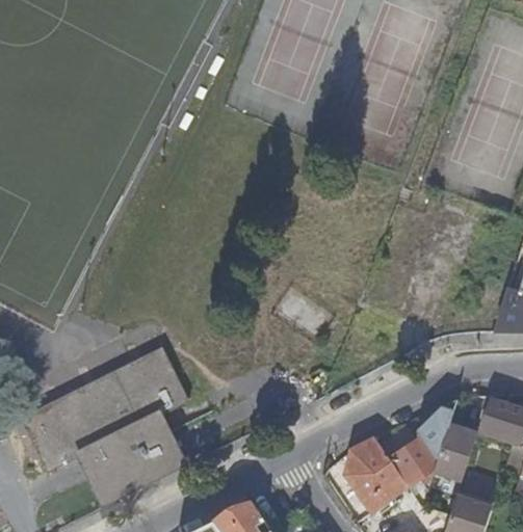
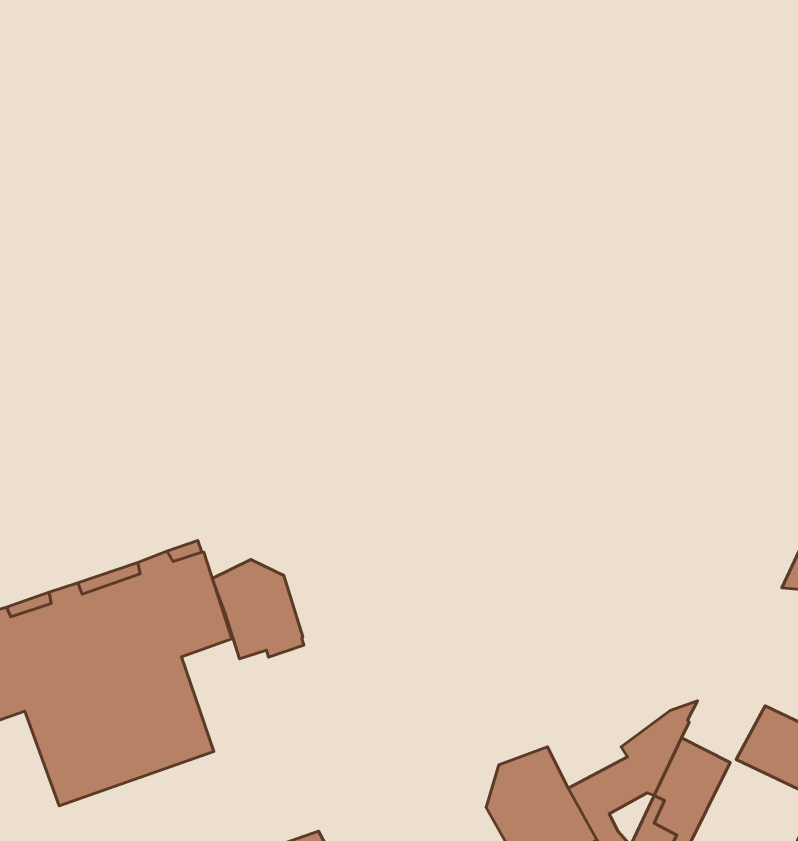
building: none -> [212,560,304,659]

